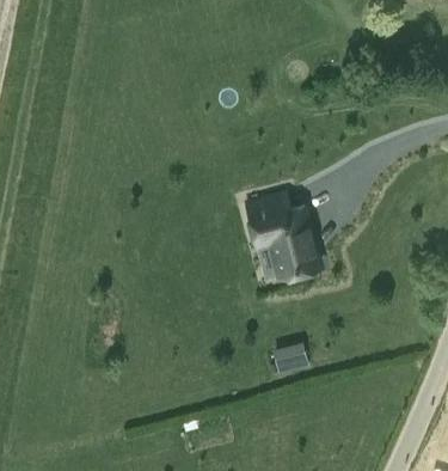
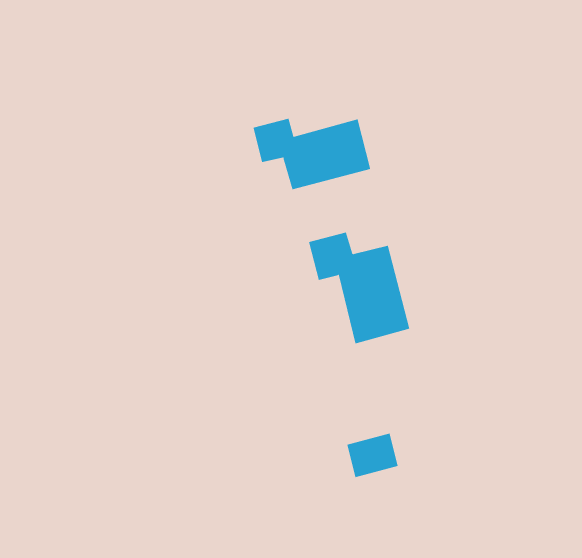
building: none -> [253,118,371,190]

